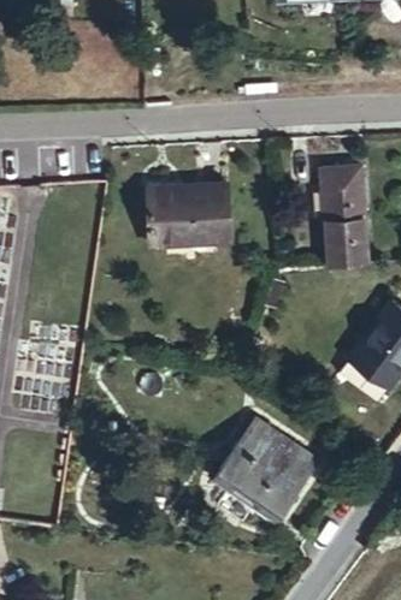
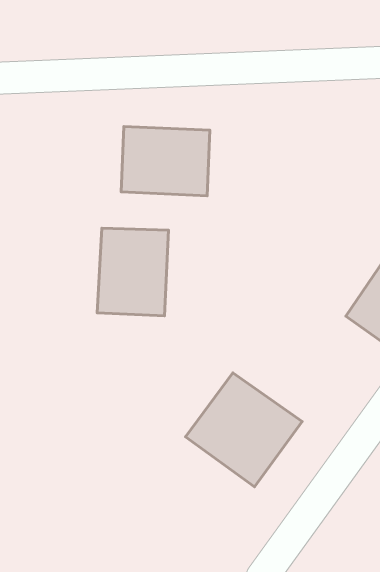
building: [308,160,365,256] -> none
building: none -> [97,228,168,316]

